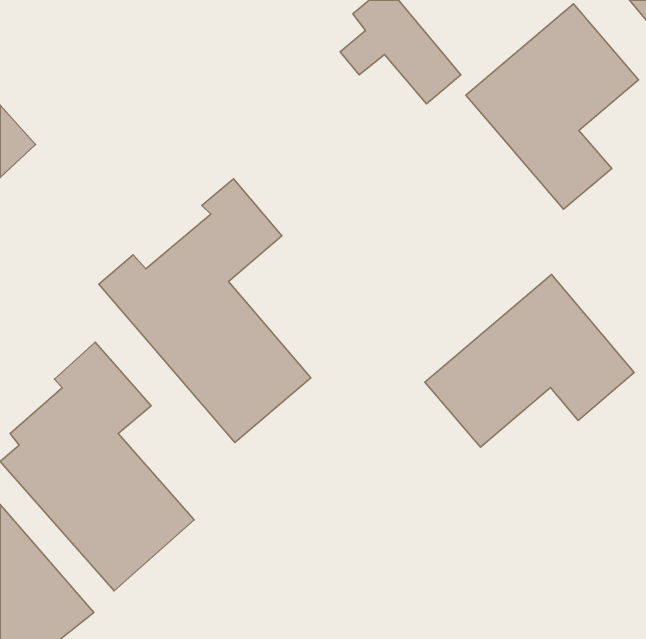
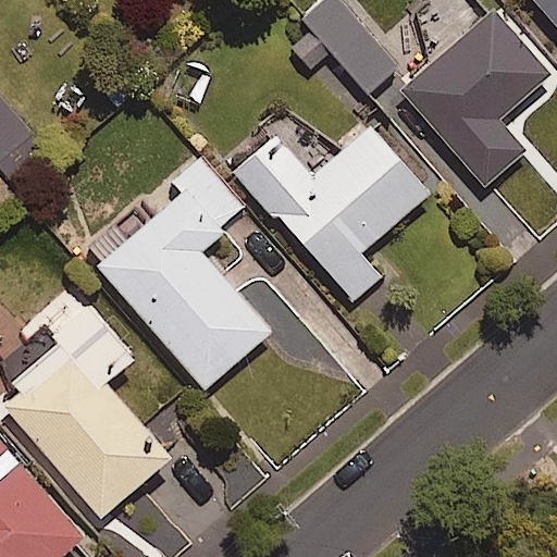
building: none -> [230,126,428,302]
building: [425,274,634,447] -> none

